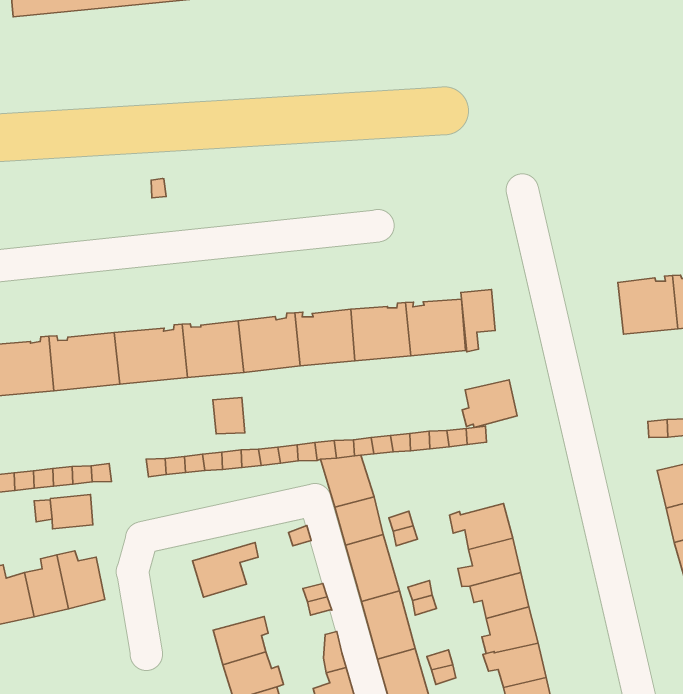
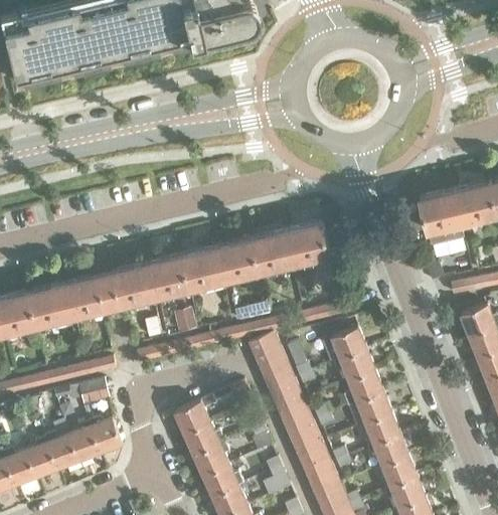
building: [461,290,495,352] -> none
building: [462,380,517,427] -> [331,327,366,360]
building: none -> [184,422,224,455]

